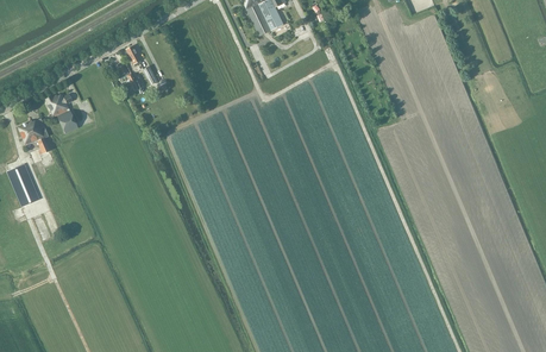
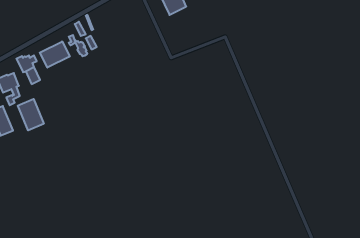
building: none -> [40,41,70,68]
building: none -> [18,99,44,130]

